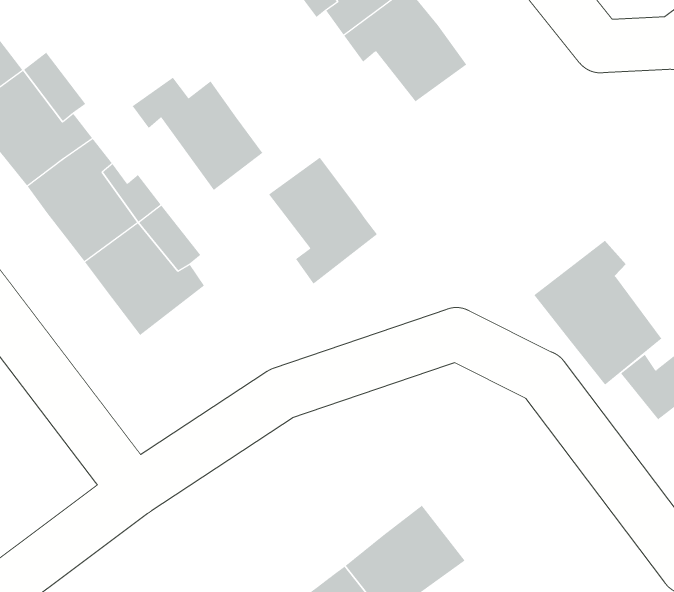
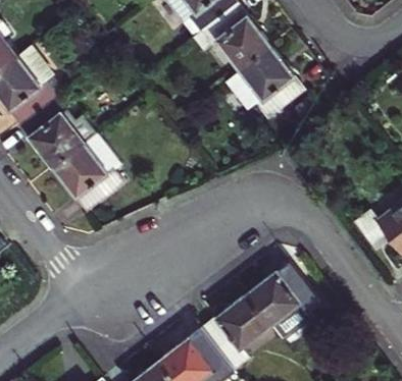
building: [132,77,263,191] -> none
building: [268,157,378,284] -> [240,49,302,121]
building: [533,240,662,386] -> none
building: none -> [244,265,318,330]

